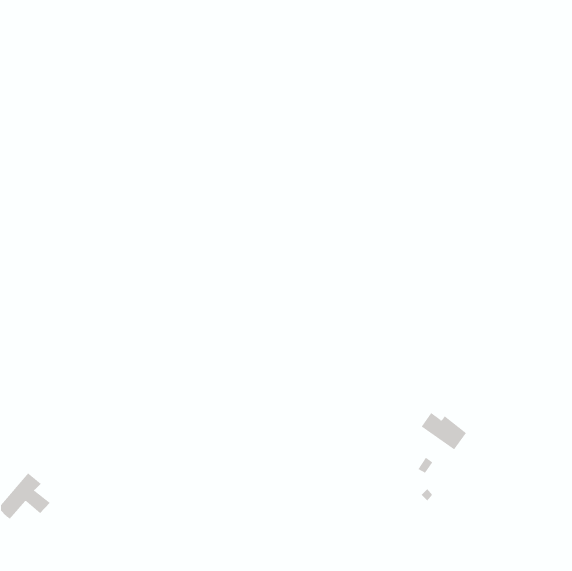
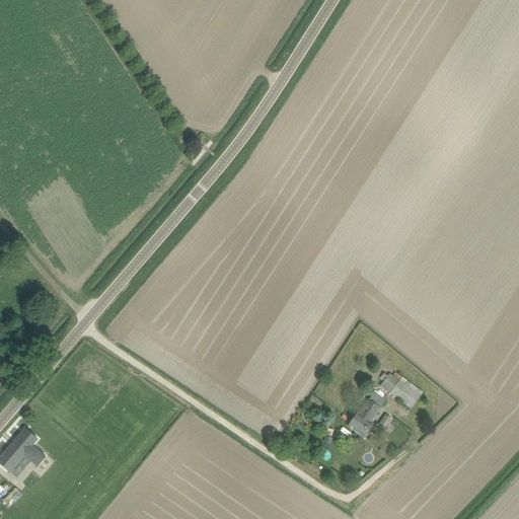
building: none -> [348,390,386,436]

